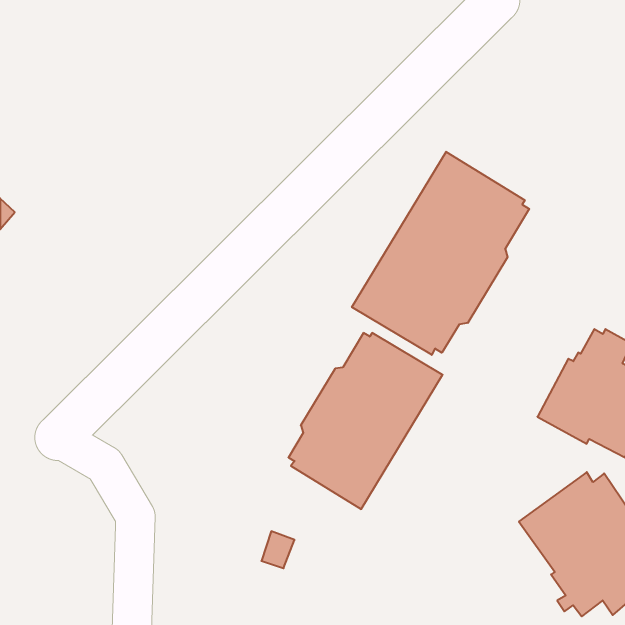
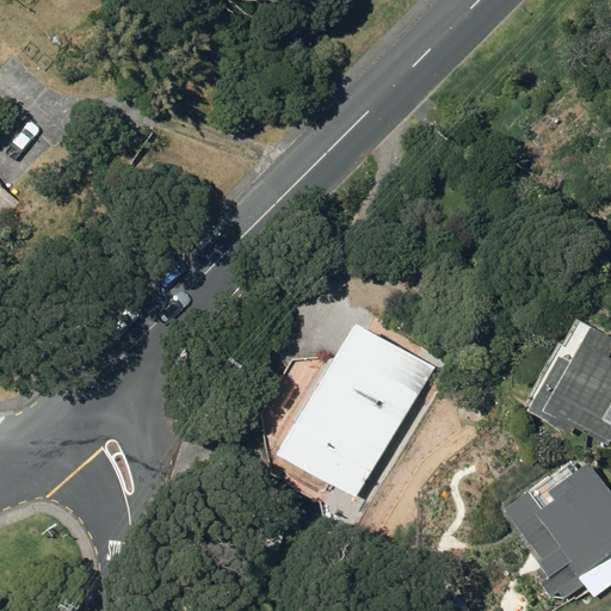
building: [352,152,529,355] -> none

